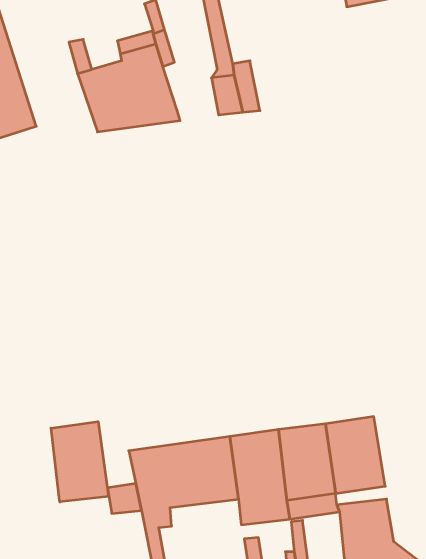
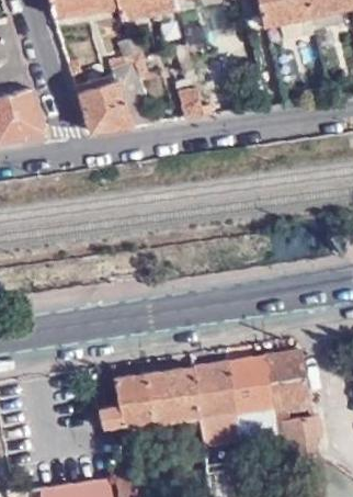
building: [51,422,109,502] -> none

